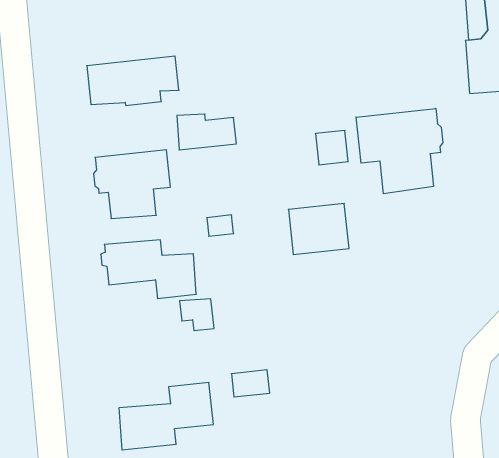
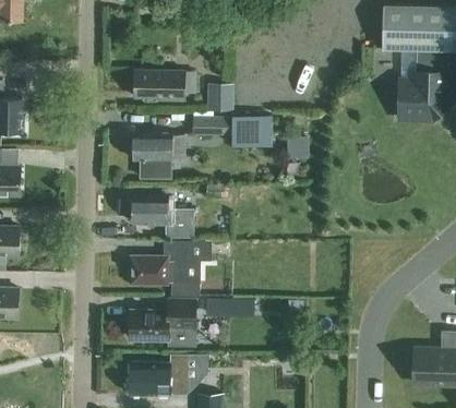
building: none -> [207,84,232,110]
building: [356,108,443,194] -> none
building: [288,203,349,255] -> [232,115,272,146]
building: none -> [131,256,200,296]

